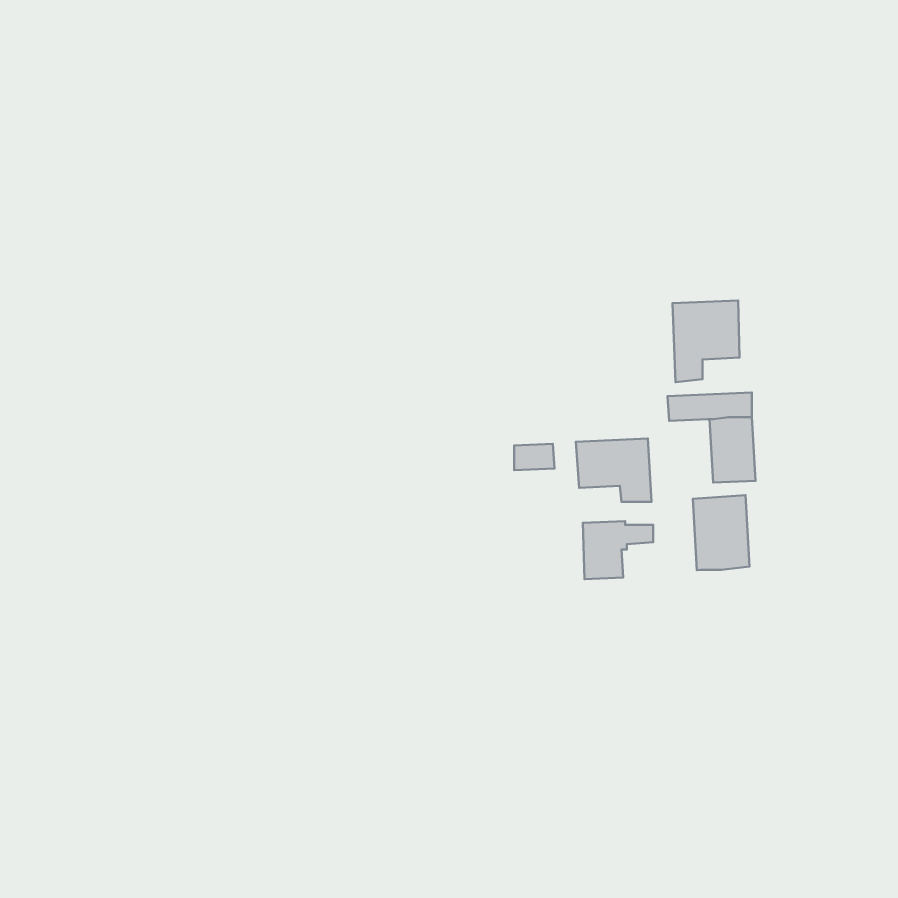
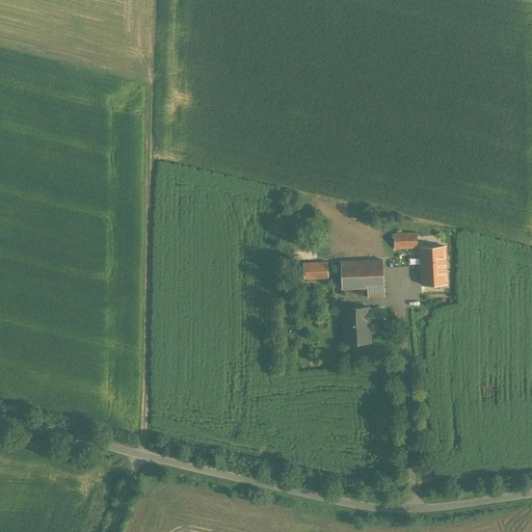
building: [673,300,739,382] -> none
building: [693,495,749,570] -> none

